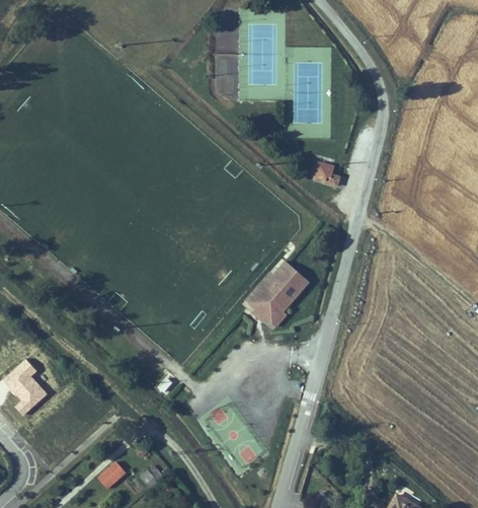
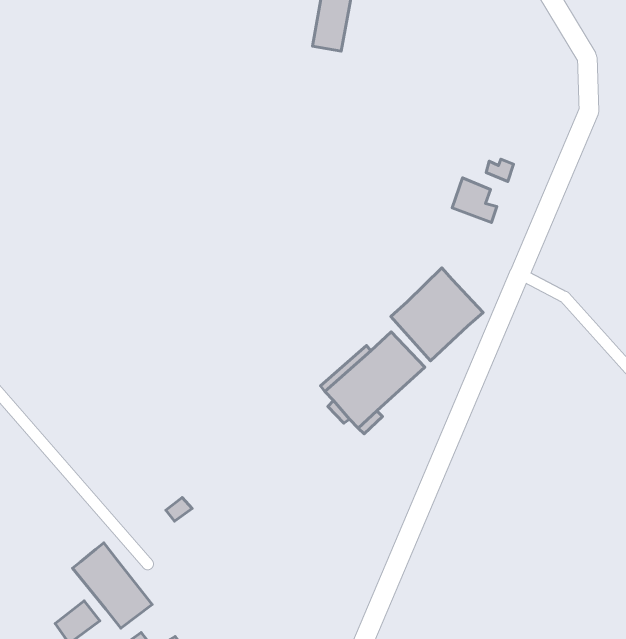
building: none -> [391,268,483,361]
building: none -> [72,543,152,628]

